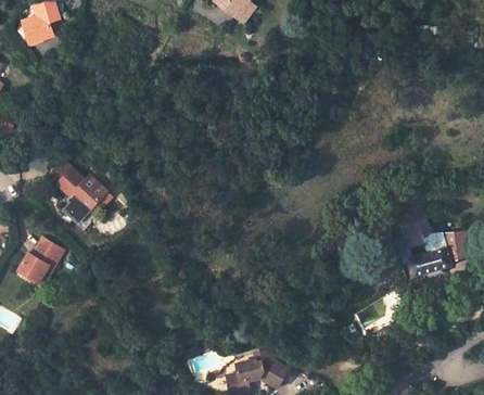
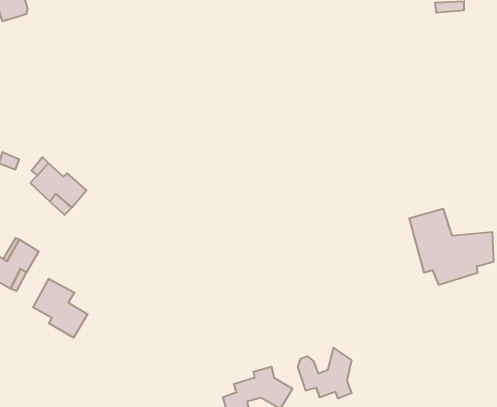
building: none -> [33,279,88,338]
building: none -> [298,348,352,398]

